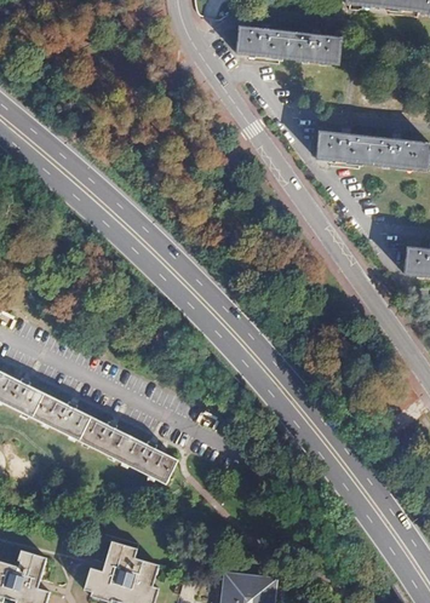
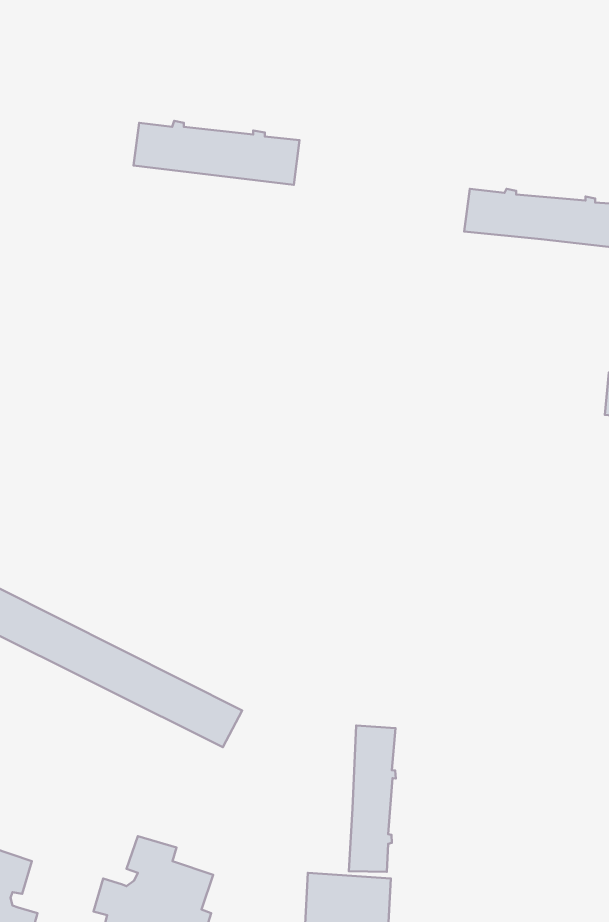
building: [236,27,340,67] -> [134,121,299,185]
building: none -> [349,725,396,872]

